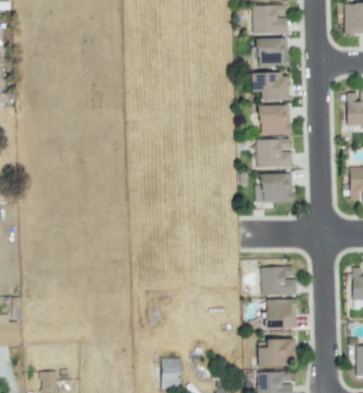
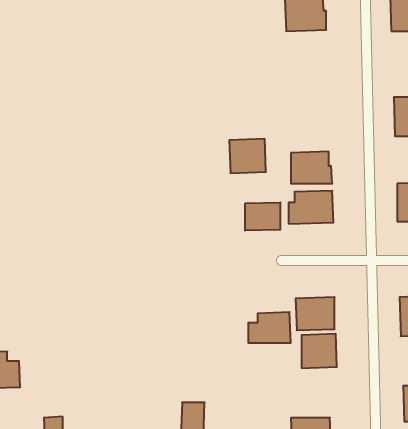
building: [256,38,289,67] -> none
building: [251,73,290,99] -> none
building: [259,105,291,135] -> [229,139,266,173]
building: none -> [245,202,280,231]
building: [258,339,295,366] -> [248,312,291,343]

